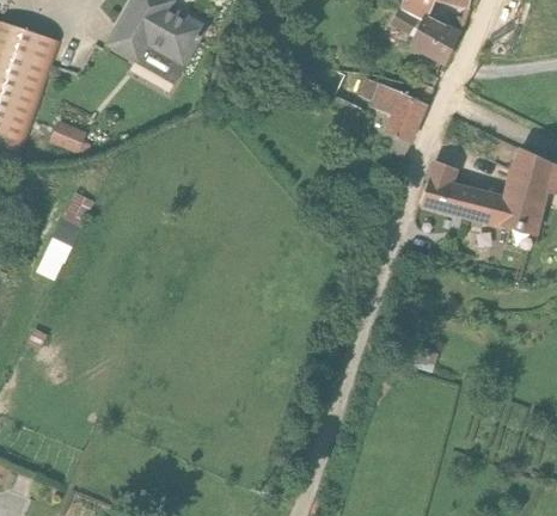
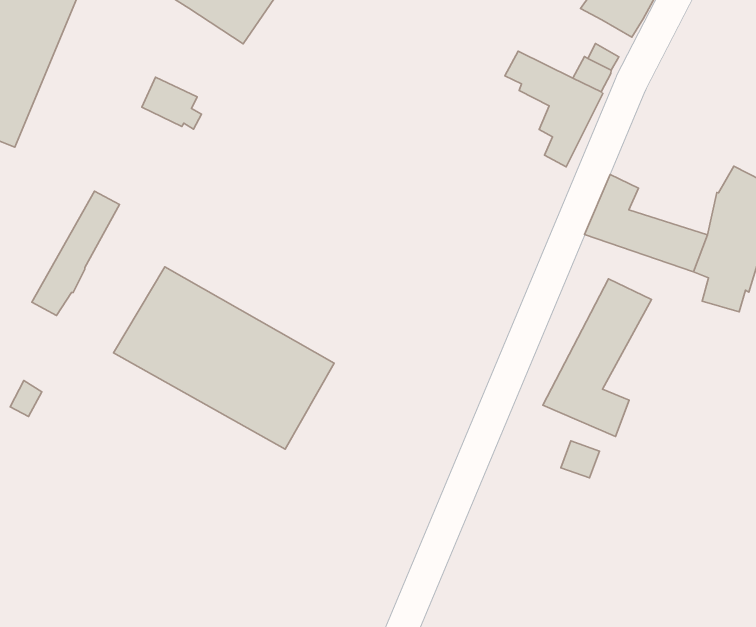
building: [49,119,91,154] -> [142,77,201,129]
building: none -> [543,279,652,436]
building: none -> [114,267,334,449]

